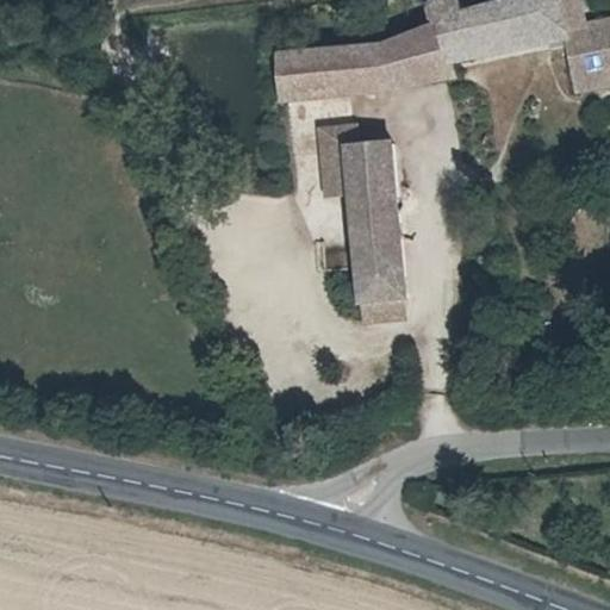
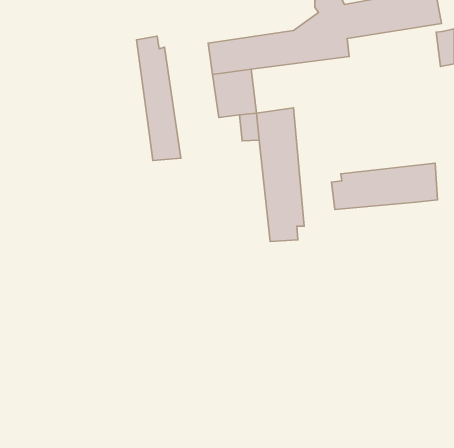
building: none -> [137,36,181,161]
building: none -> [331,163,437,210]

